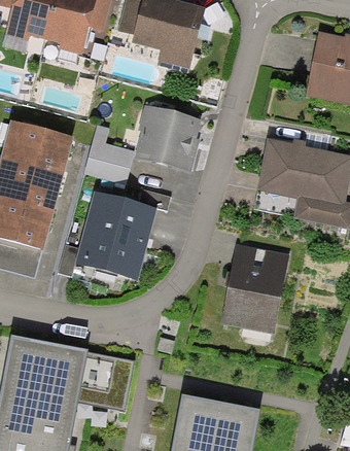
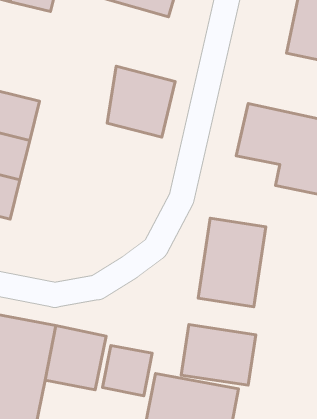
building: [84,127,132,185] -> none
building: [76,192,155,283] -> none
building: none -> [181,325,256,385]
building: none -> [103,346,152,396]

